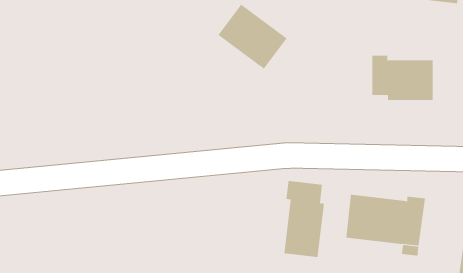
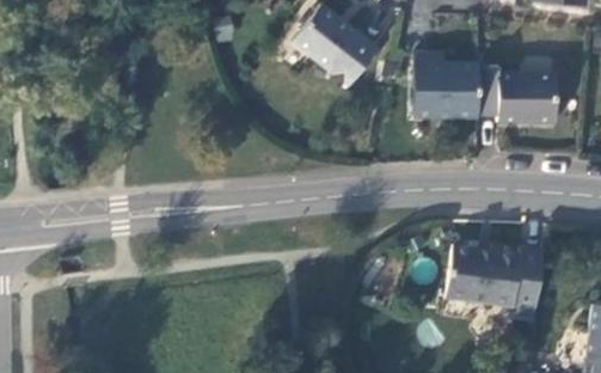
building: none -> [416,56,480,120]
building: [284,180,324,258] -> none

